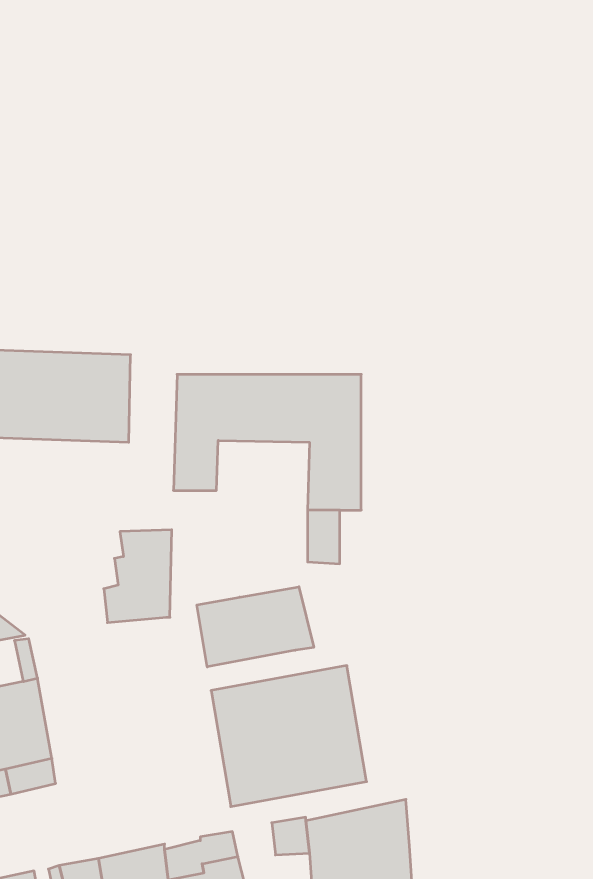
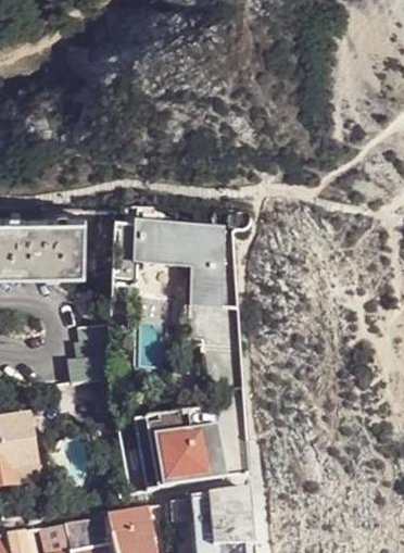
building: [197,587,314,667] -> none

